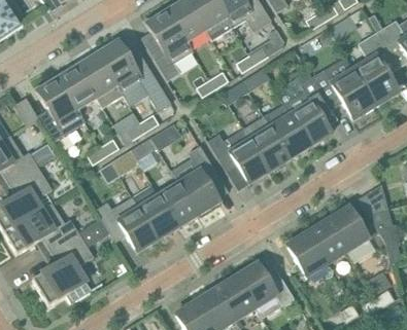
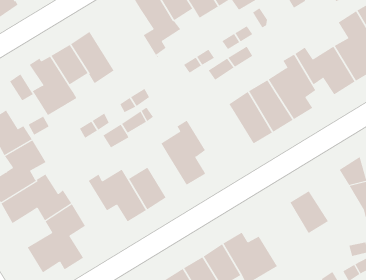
building: [98,37,171,111] -> none
building: [207,129,269,184] -> none
building: [159,182,199,226] -> none
building: [328,206,369,251] -> none
building: [286,231,327,277] -> none

